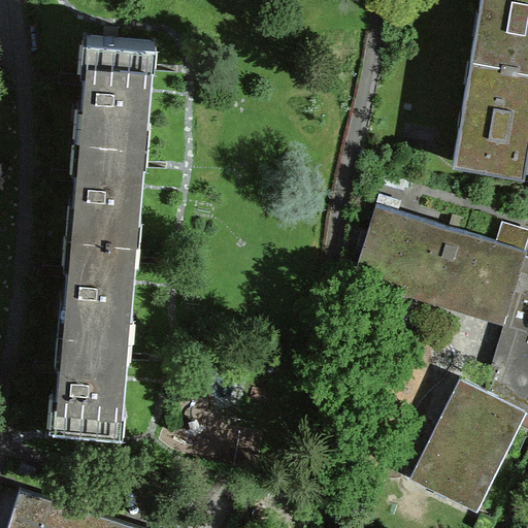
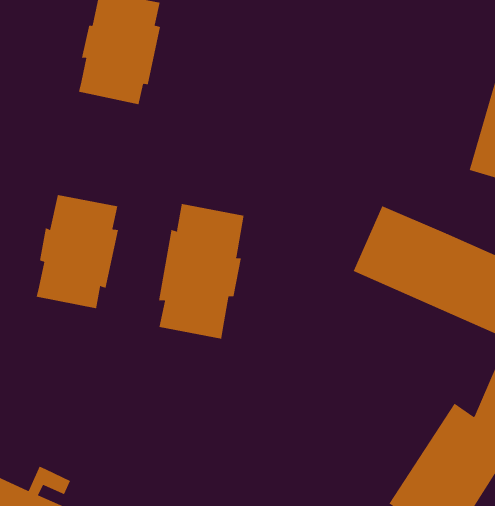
building: [74,136,144,237] -> none
building: none -> [159,203,244,339]
building: [58,330,127,431] -> none

